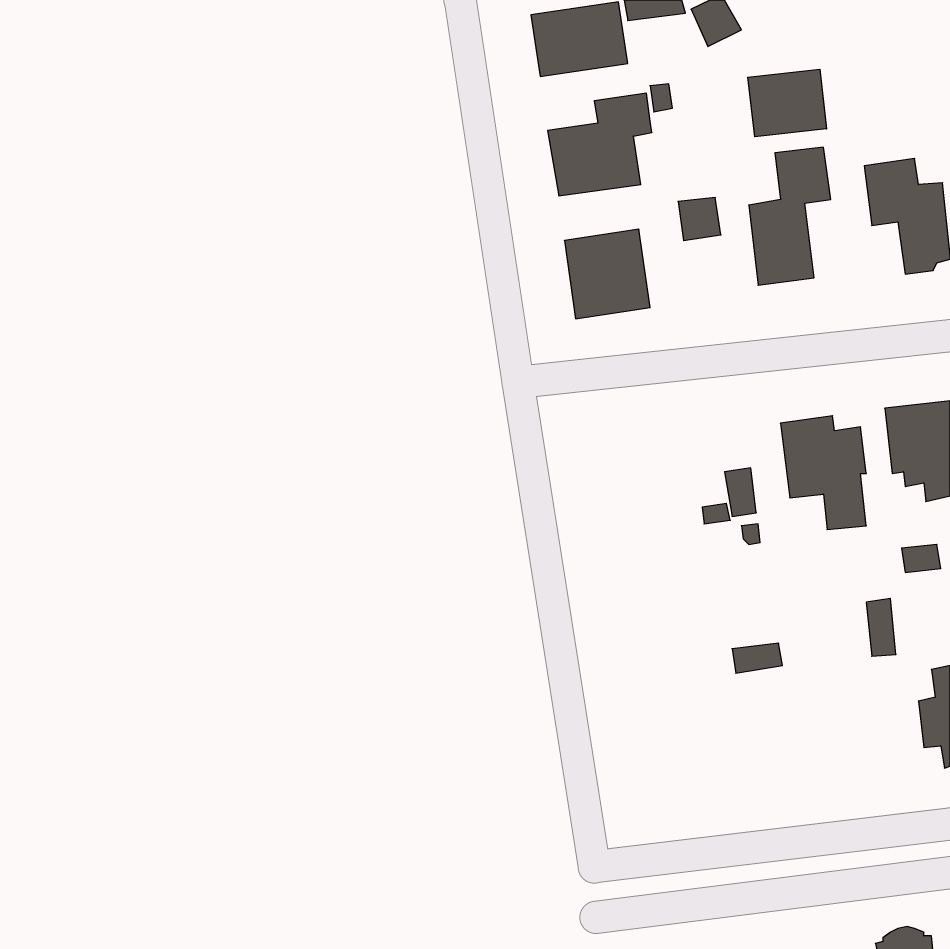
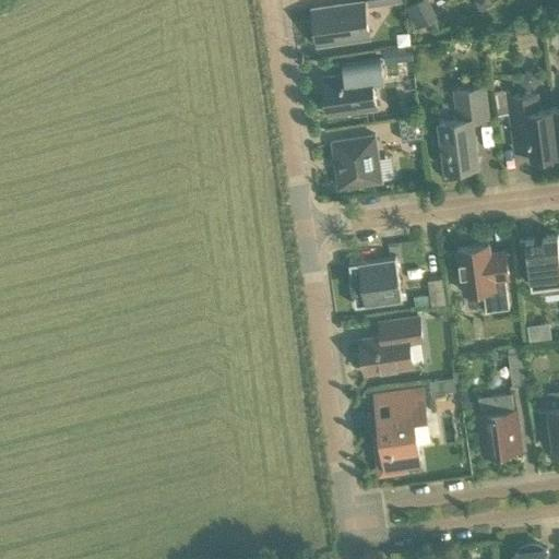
building: [748,69,827,137] -> none
building: none -> [348,258,401,308]
building: none -> [359,318,421,376]
building: none -> [374,389,426,475]
building: none -> [477,394,521,460]

